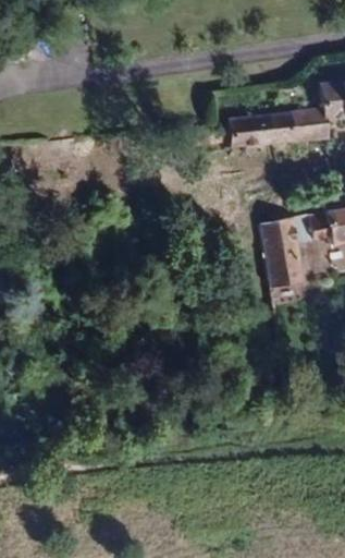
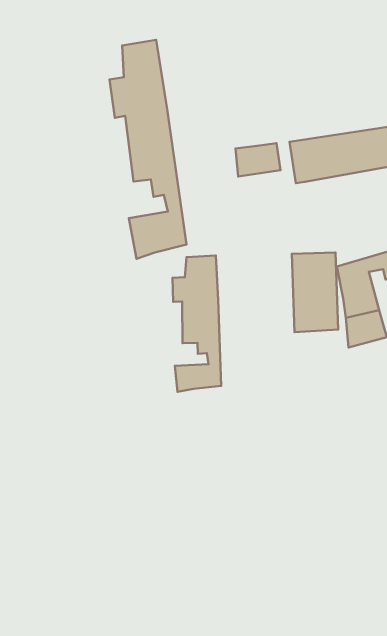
building: none -> [109,40,186,259]
building: none -> [172,256,221,392]

